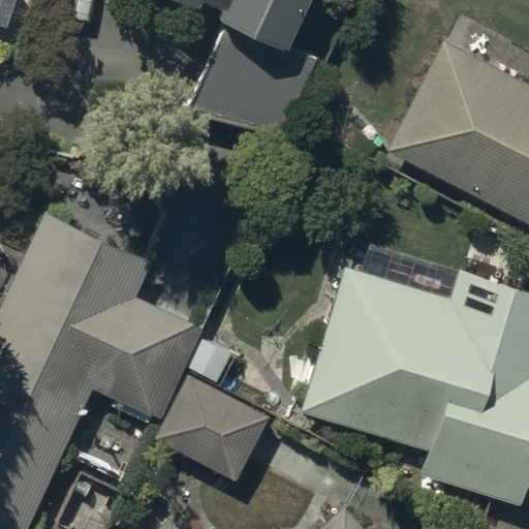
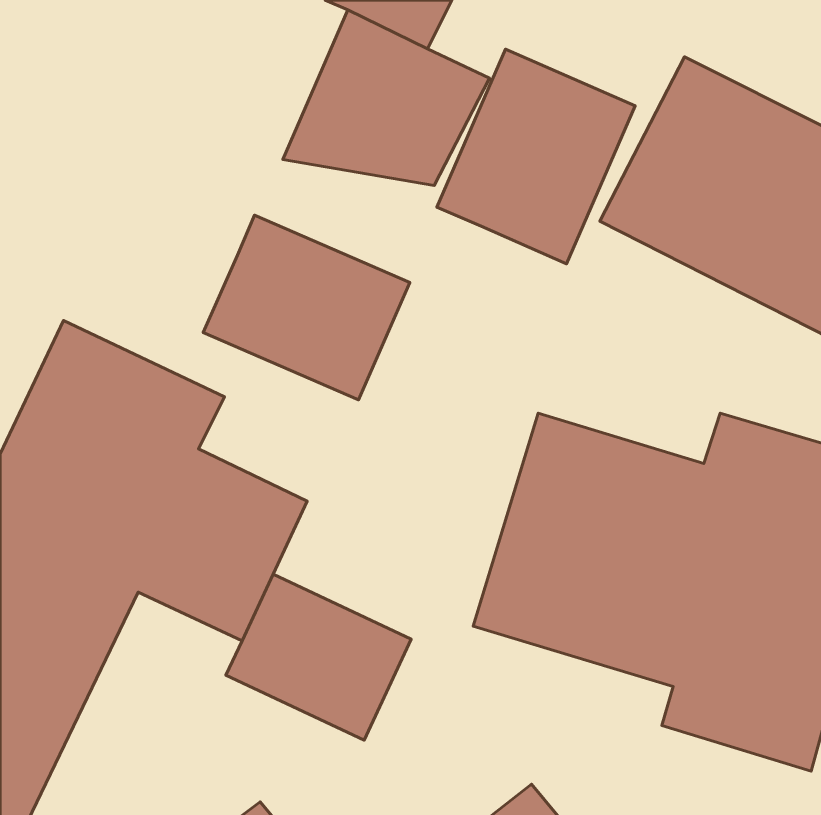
building: none -> [437,49,635,264]
building: none -> [203,215,410,400]

